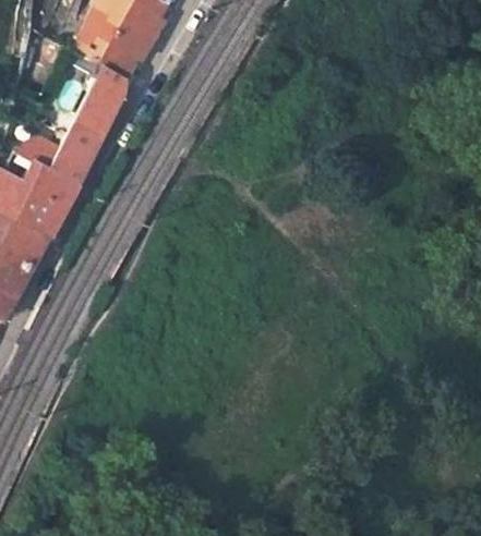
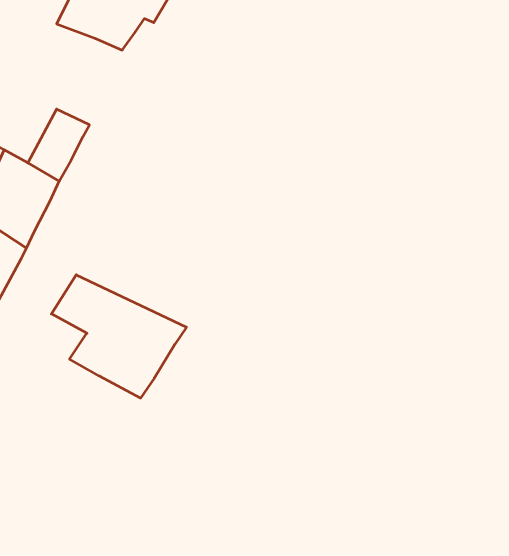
building: [71,65,125,137] -> none
building: none -> [51,275,186,398]

